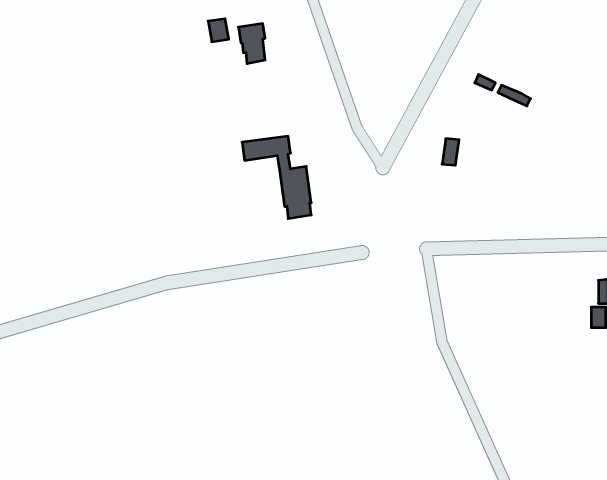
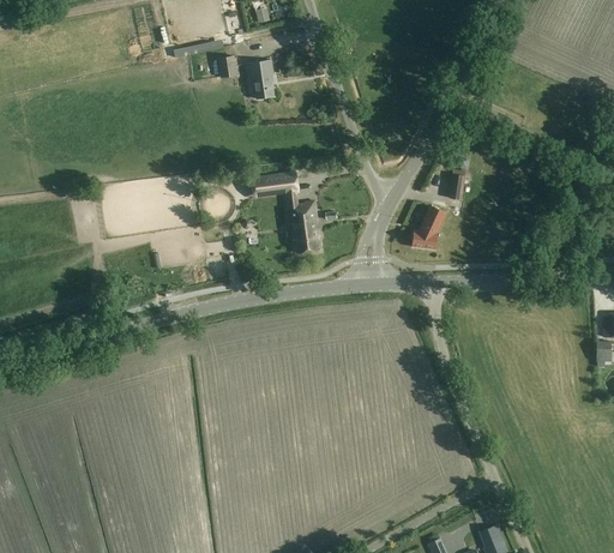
building: none -> [413,205,445,248]

